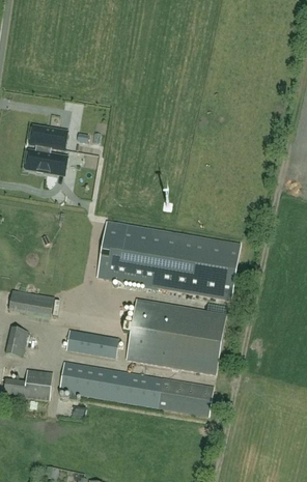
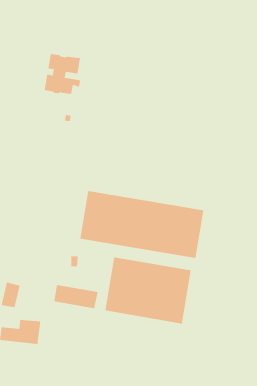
building: [25,125,67,173] -> [44,53,81,95]
building: [9,290,53,317] -> none
building: [59,361,213,416] -> none

